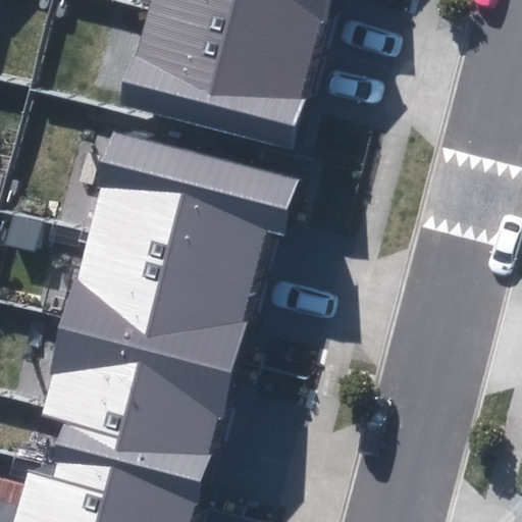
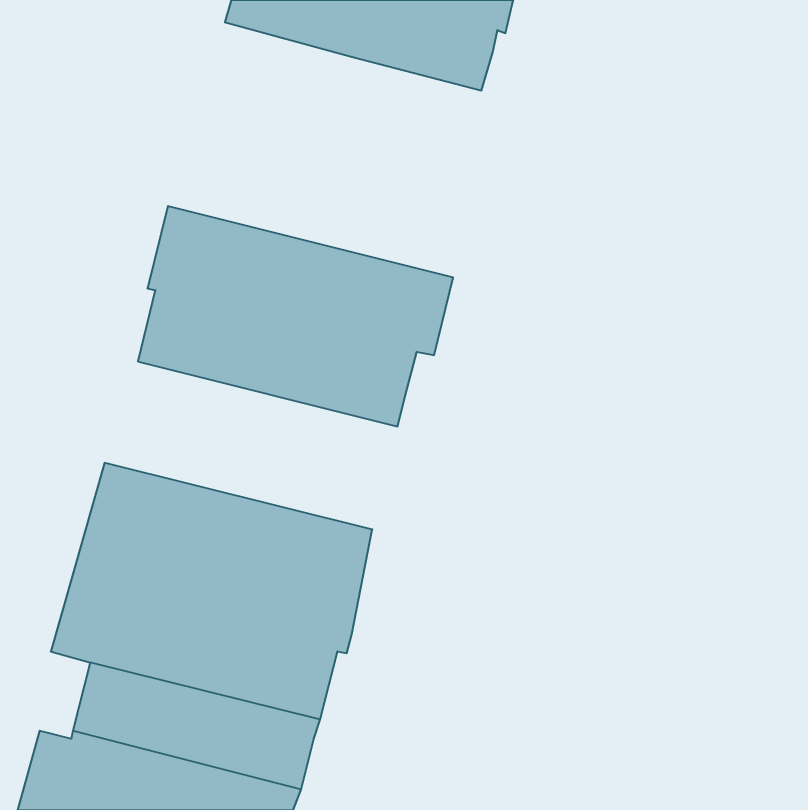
building: [122,14,310,147] -> none
building: [67,232,256,341] -> none

